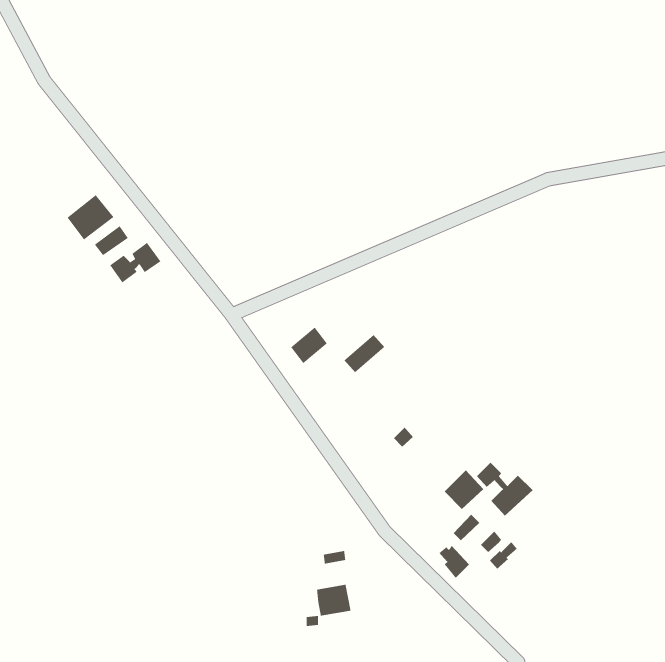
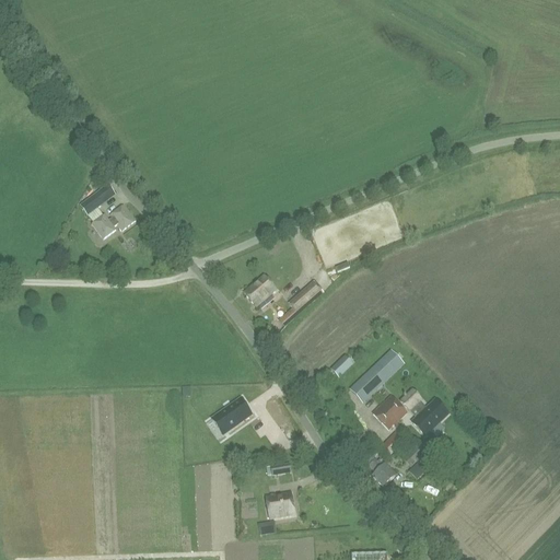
building: [67,194,114,240] -> none
building: none -> [350,349,404,401]
building: none -> [214,398,248,430]

